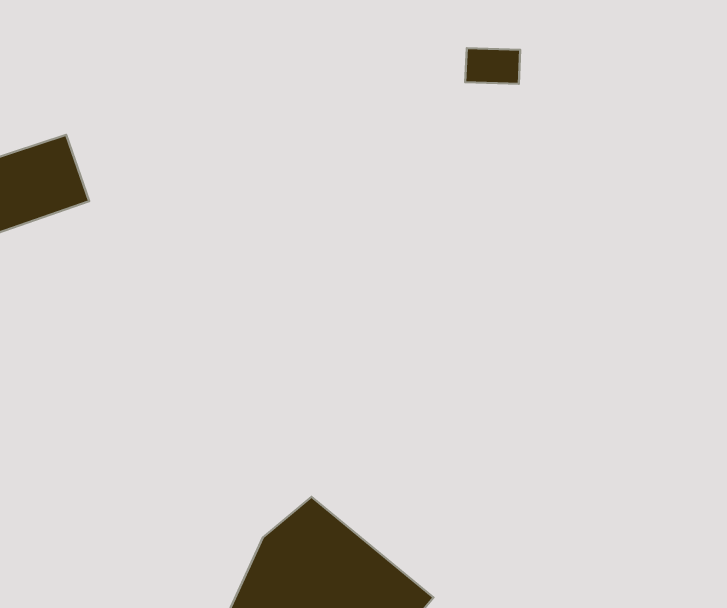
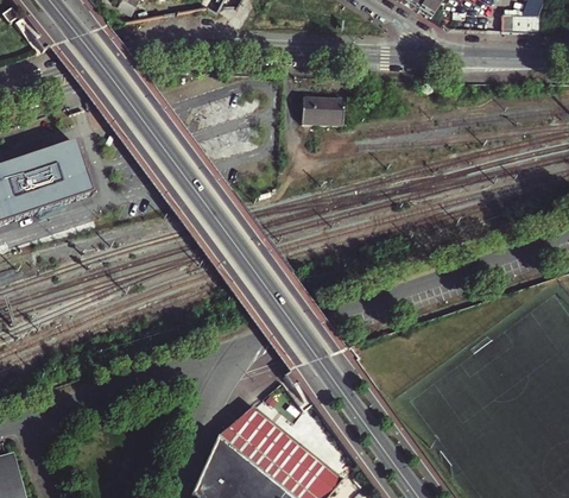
building: [465,48,520,84] -> [302,95,342,121]

